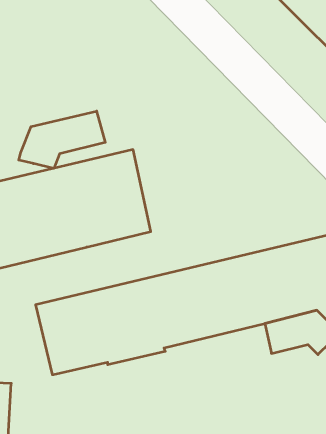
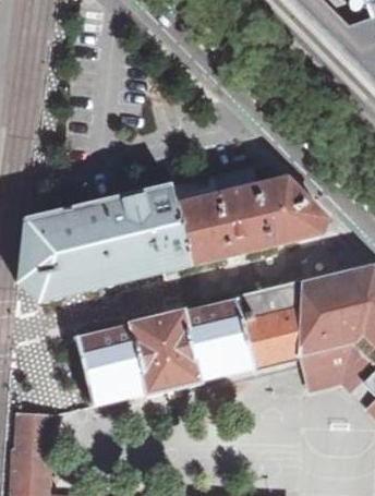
building: [19,111,105,168] -> none
building: none -> [170,165,325,265]

